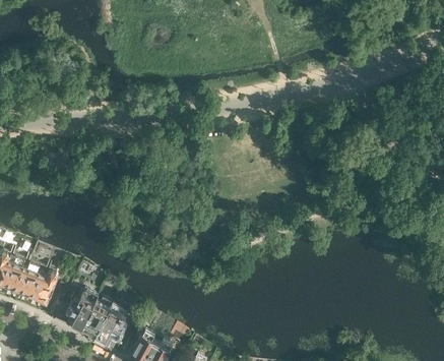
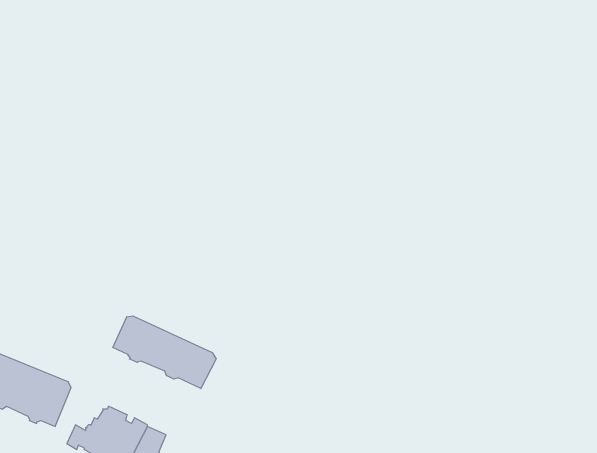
building: none -> [113,316,216,389]

